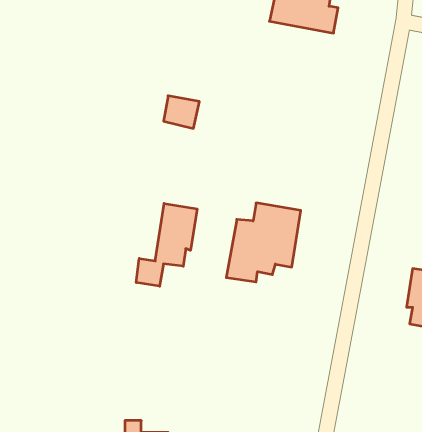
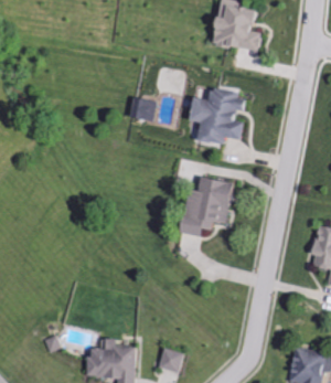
building: none -> [184,87,244,145]
building: [136,203,197,286] -> none

